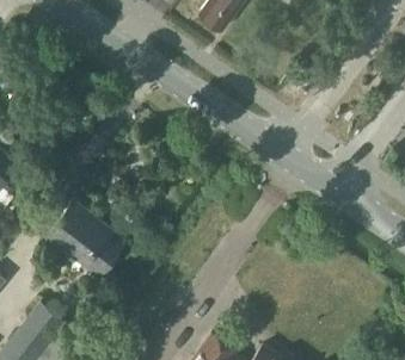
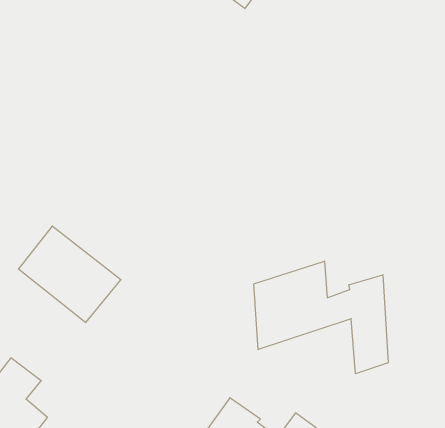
building: none -> [254,261,388,374]

